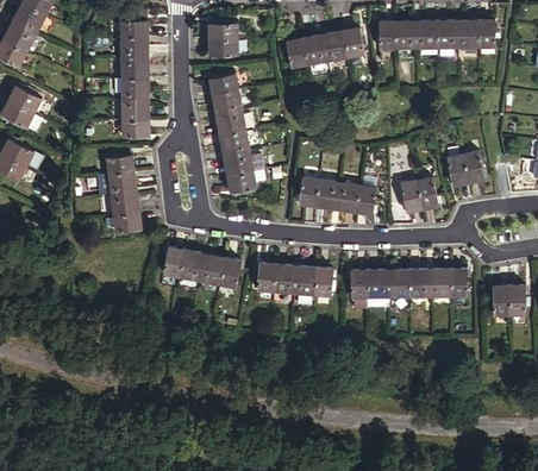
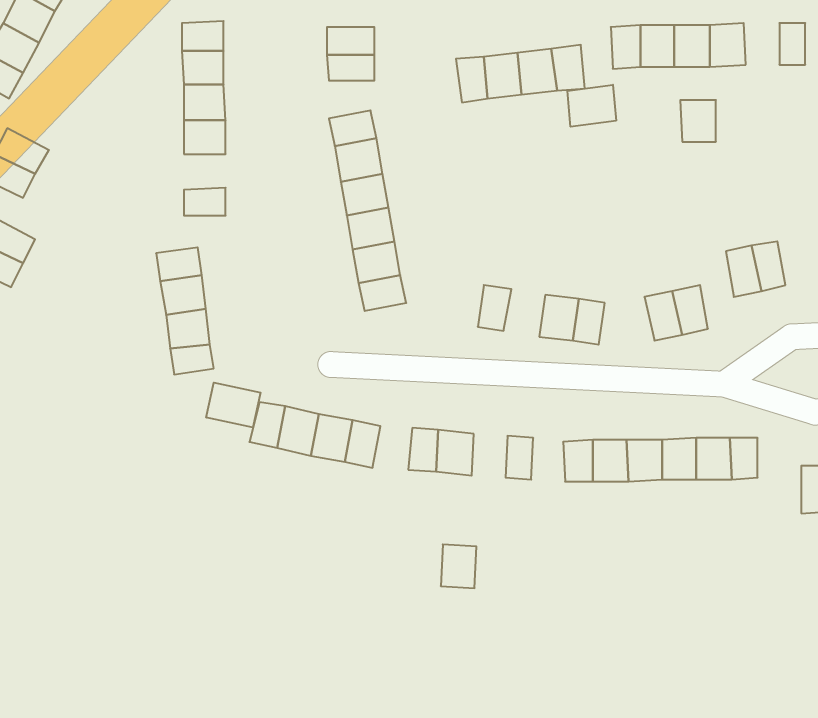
building: [458,20,480,45] -> [680,100,716,142]
building: none -> [568,85,616,127]
building: [123,99,148,120] -> none
building: [314,180,339,208] -> none
building: none -> [206,383,261,428]
building: [295,266,317,293] -> [441,544,476,588]

